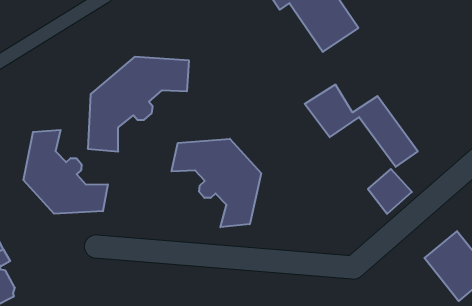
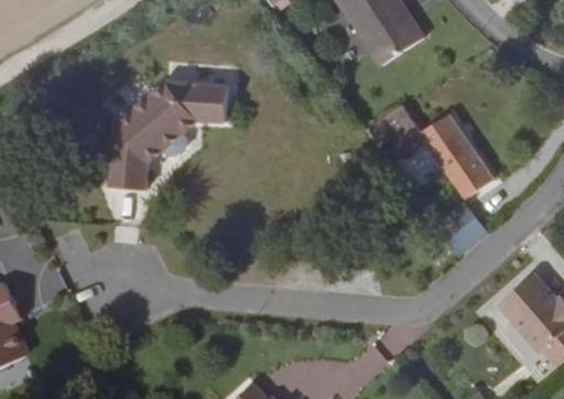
building: [24,130,108,214] -> none
building: [172,139,261,227] -> none

